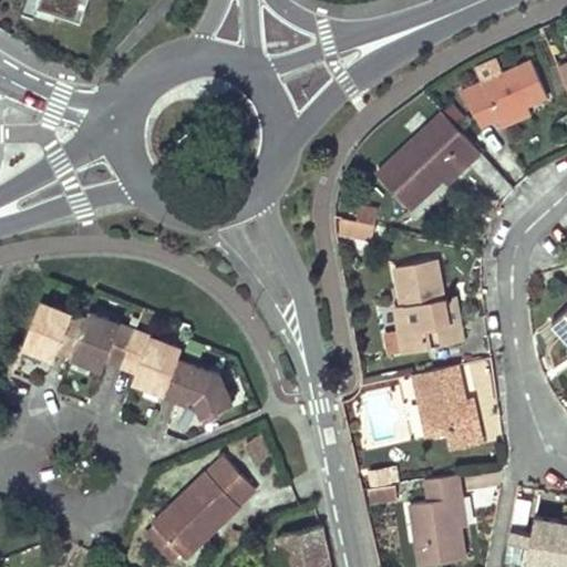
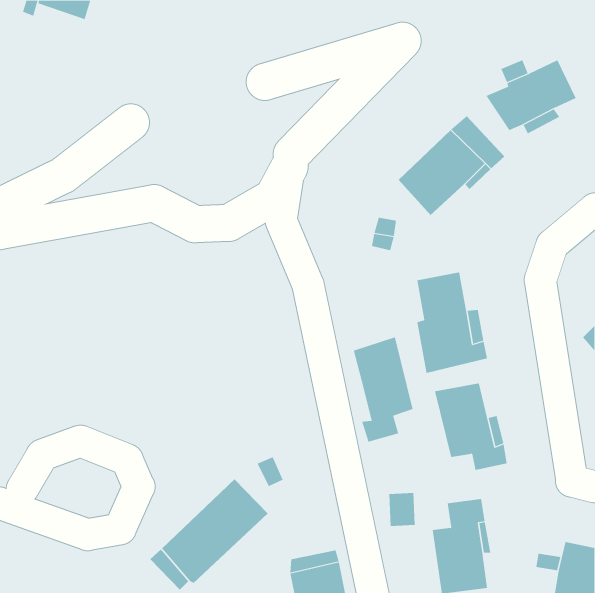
building: [22,303,233,419] -> none
building: none -> [353,337,413,442]

